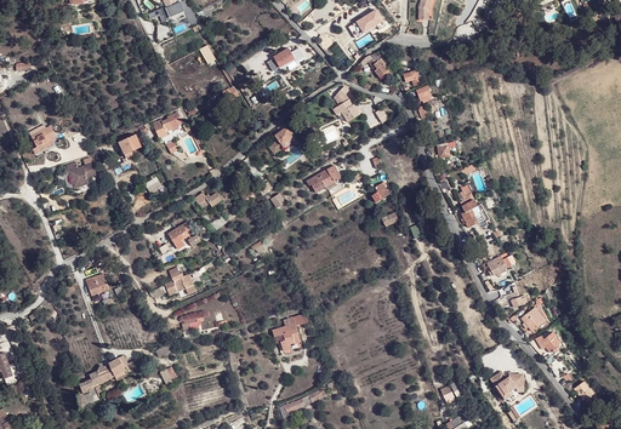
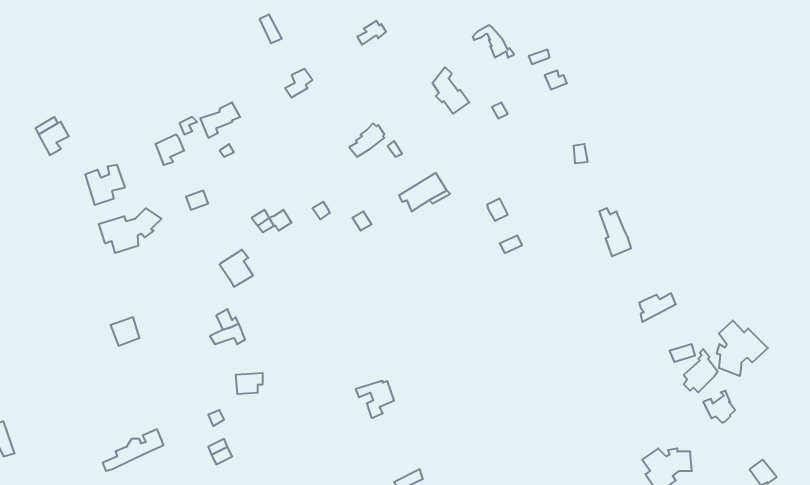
building: none -> [99,208,161,253]
building: none -> [717,320,768,376]

